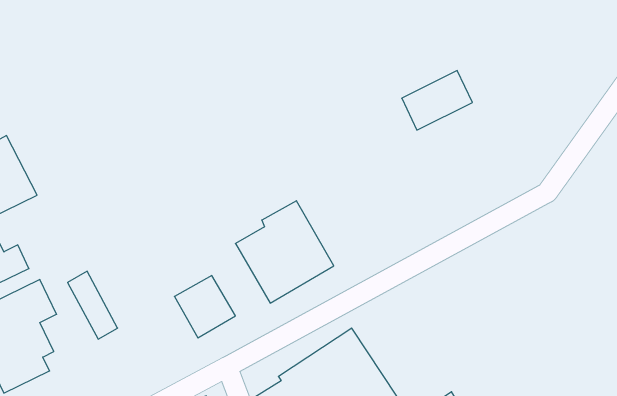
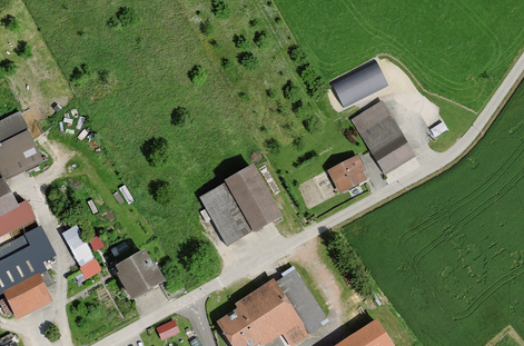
building: none -> [352,103,416,176]
building: none -> [326,155,368,194]
building: [174,276,235,338] -> [109,249,158,299]

